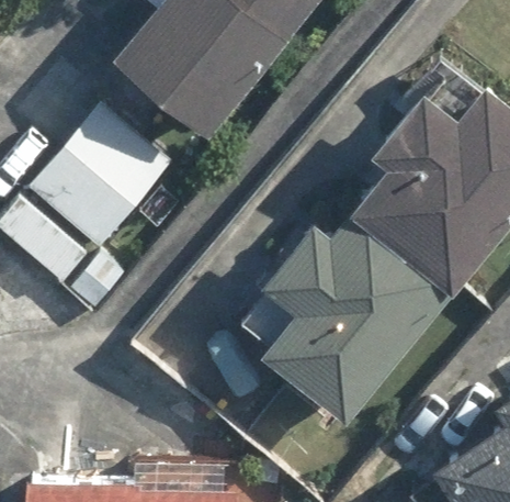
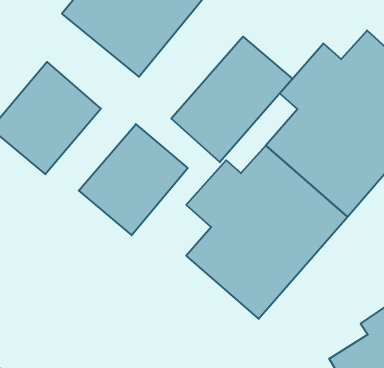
building: none -> [171,37,293,162]
building: none -> [79,124,188,235]

